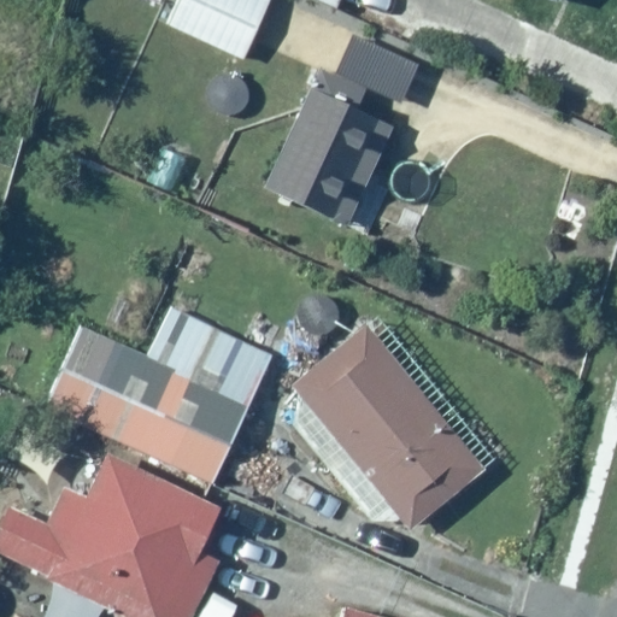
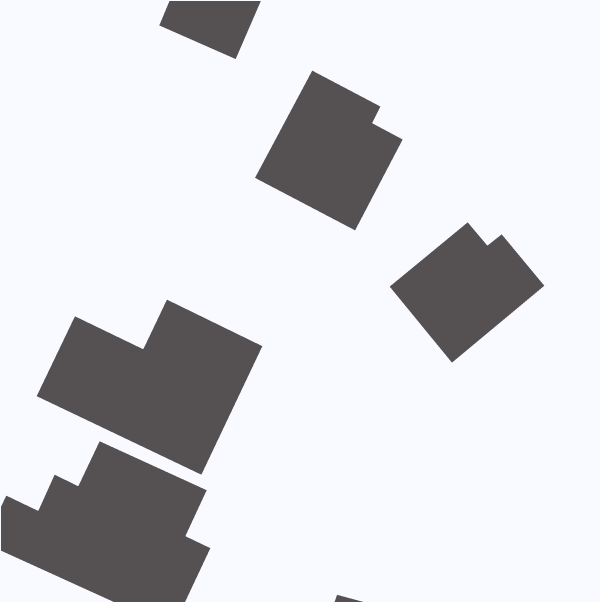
building: none -> [389,221,545,364]
building: [294,312,498,535] -> none

